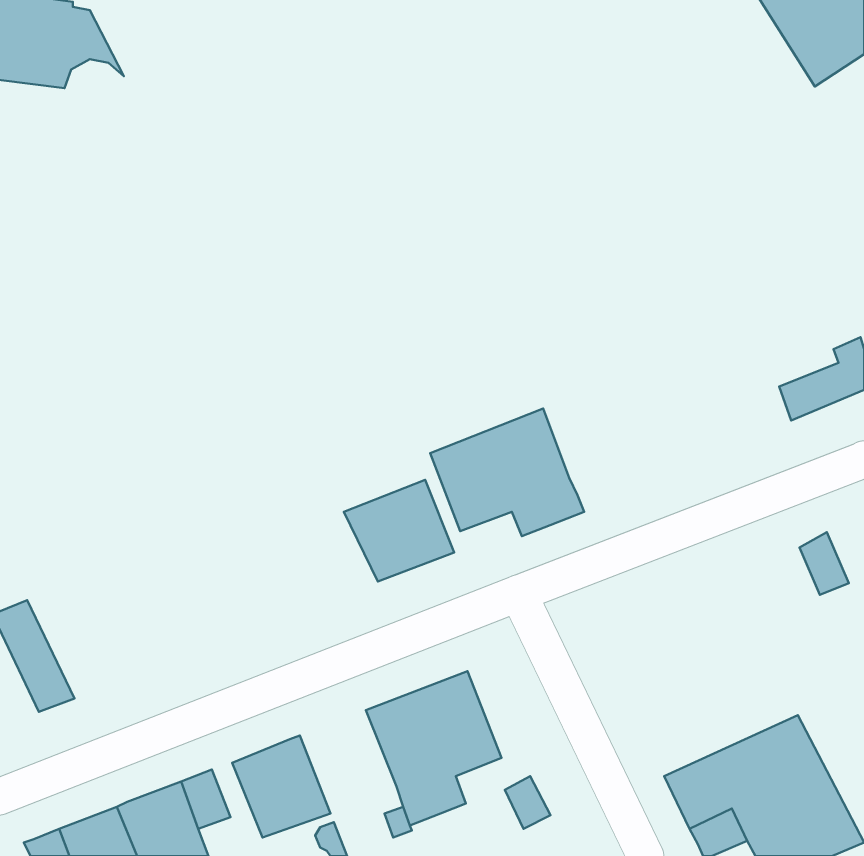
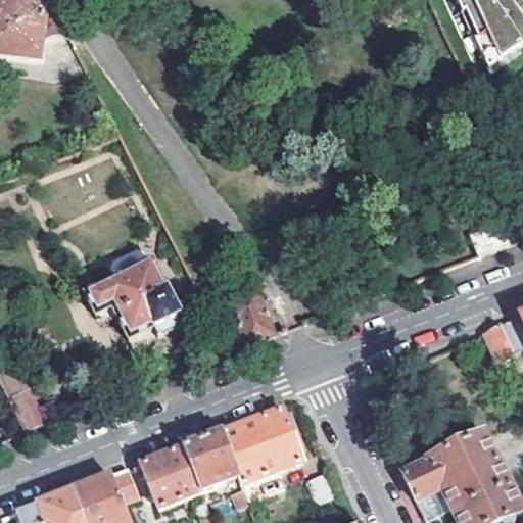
building: [430,409,584,536] -> none
building: none -> [84,257,184,339]
building: none -> [181,428,239,490]

